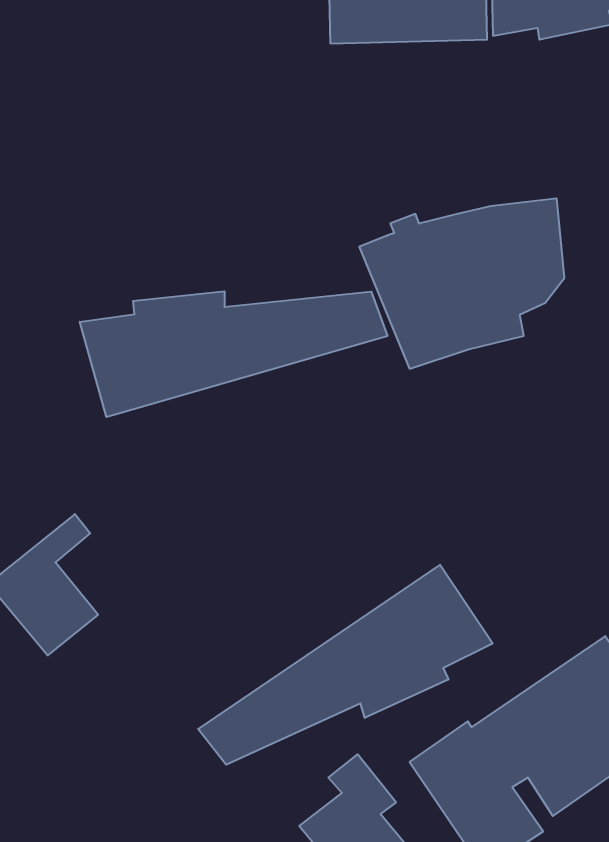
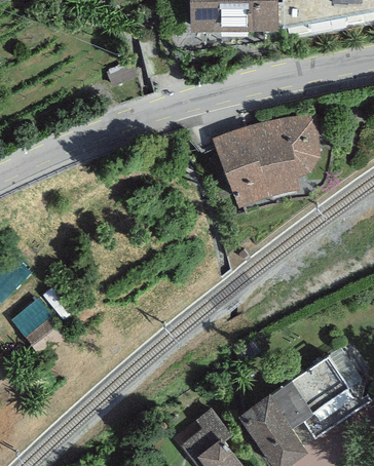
building: [80,291,387,417] -> none
building: [198,565,493,765] -> none

